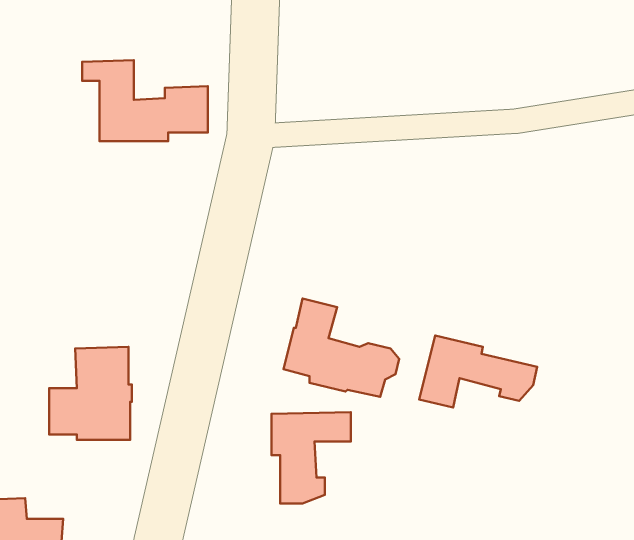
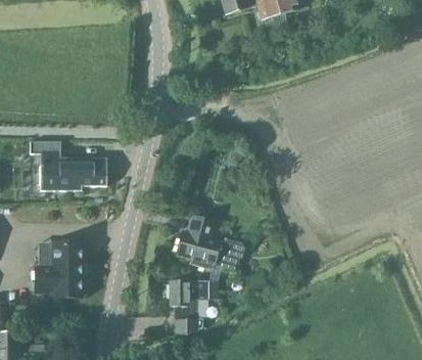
building: [82,60,208,141] -> [30,140,104,188]
building: [419,336,537,408] -> none

